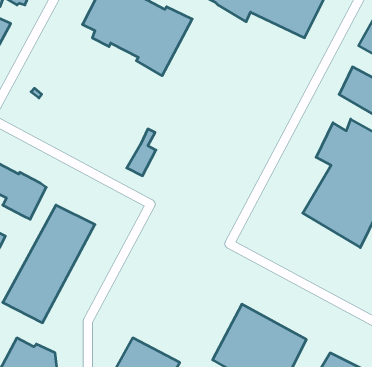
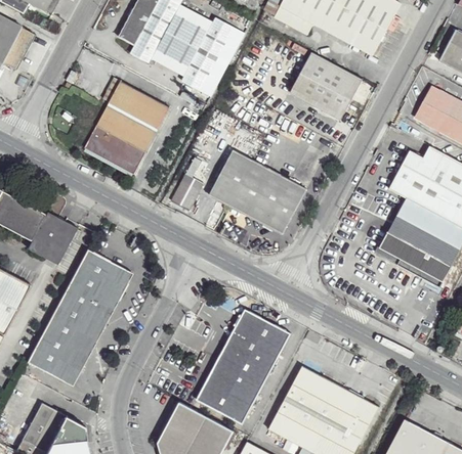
building: none -> [290,50,376,117]
building: none -> [83,78,169,179]
building: none -> [210,146,318,230]
building: none -> [196,305,291,419]

